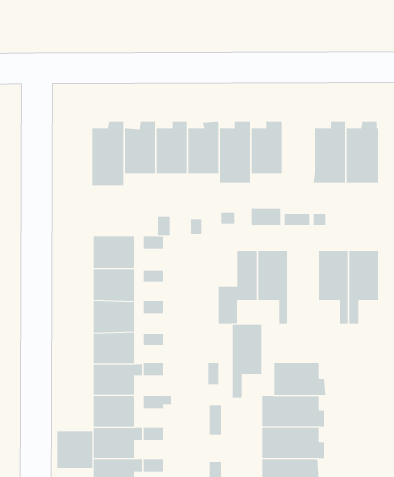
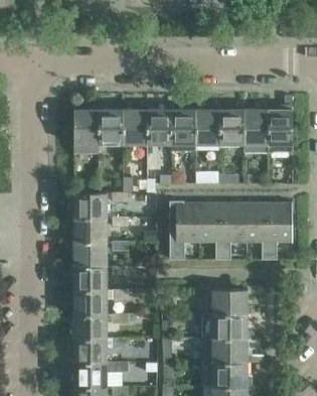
building: none -> [218,105,243,145]
building: [232,324,262,398] -> [222,204,246,260]
building: [57,431,93,469] -> none

